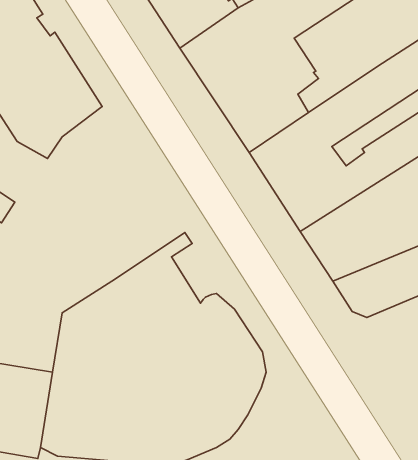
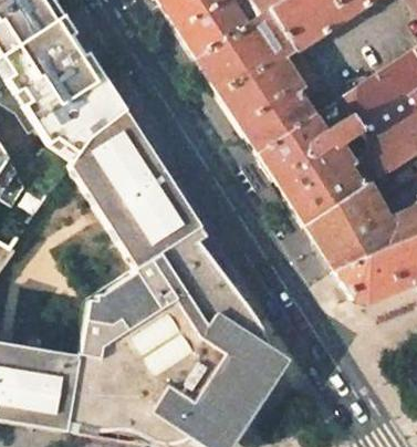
building: none -> [71,112,200,269]

